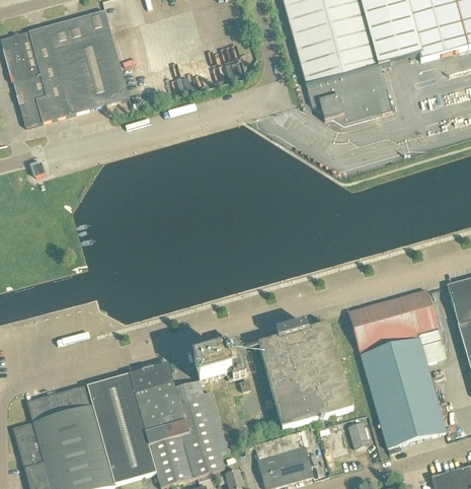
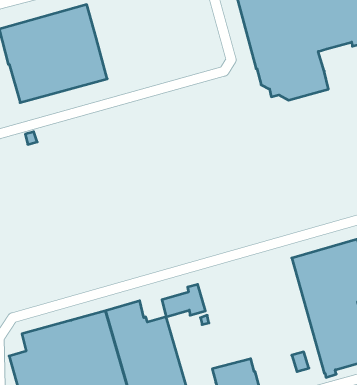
building: [258,323,352,427] -> none

